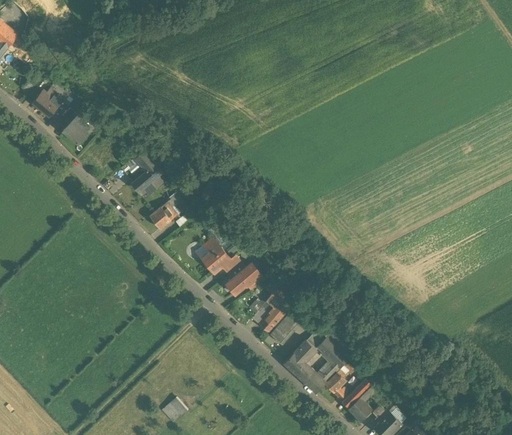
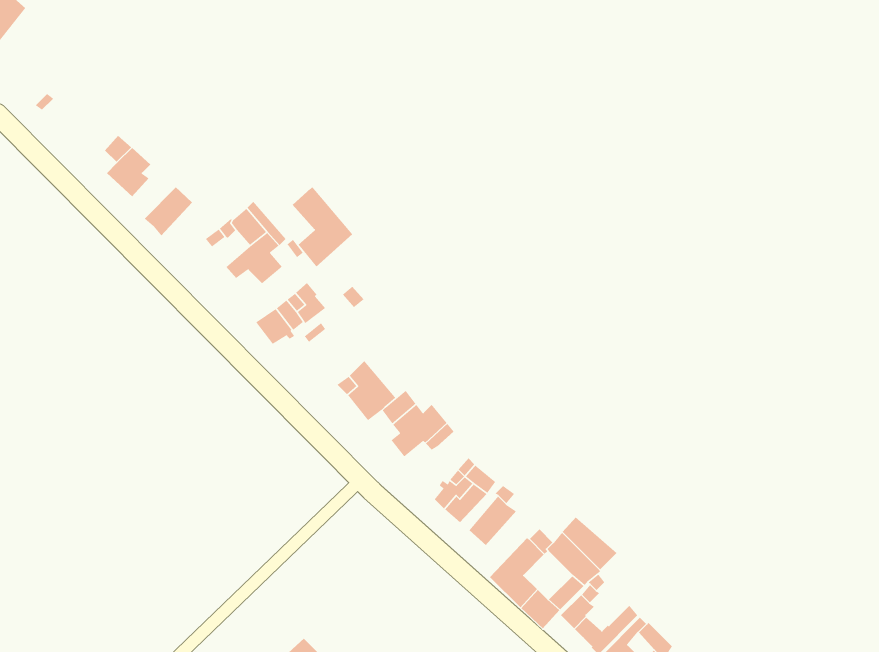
building: [32,89,64,117] -> none
building: none -> [292,186,353,267]
building: none -> [144,186,193,236]

